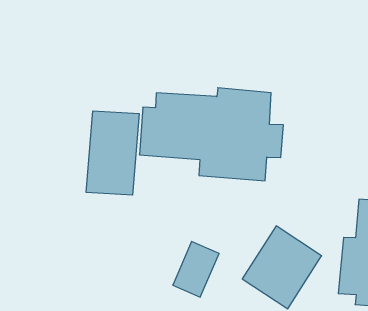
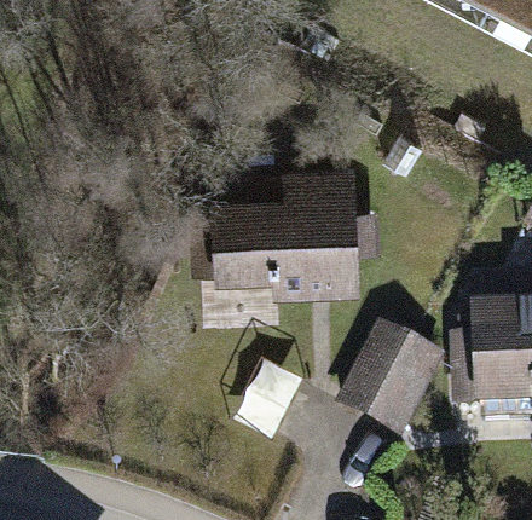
building: [86,111,139,195] -> none

